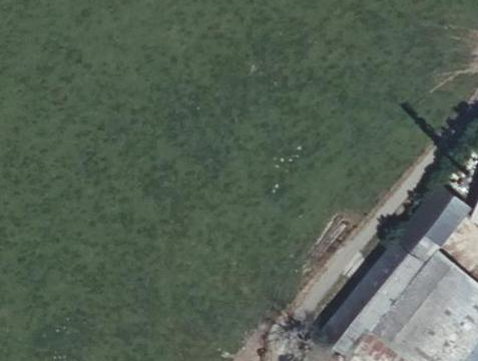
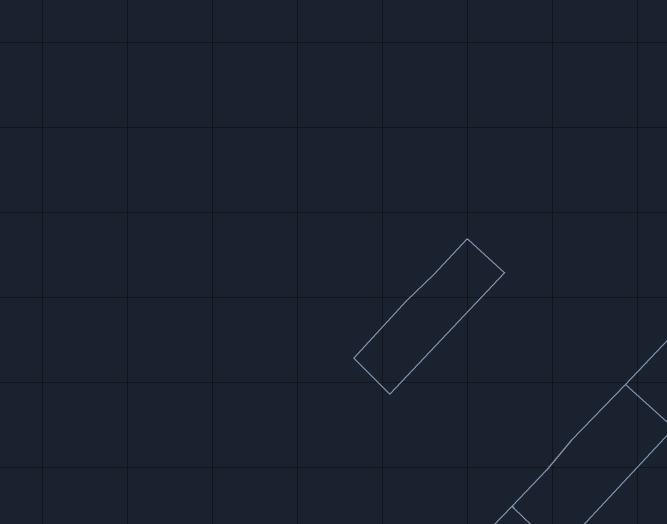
building: none -> [354,239,505,394]

